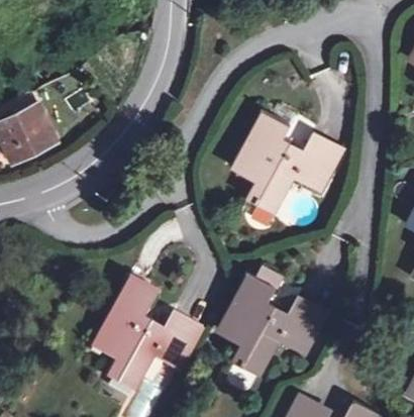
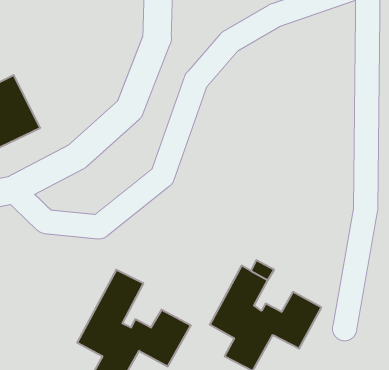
building: [233,111,341,211] -> none

